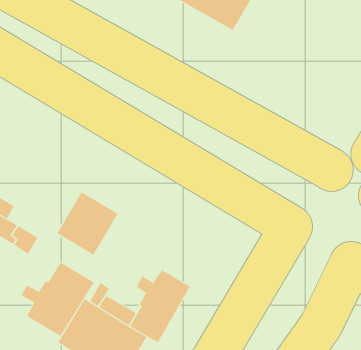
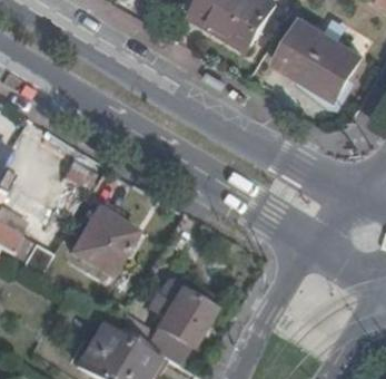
building: none -> [277,21,363,100]
building: [21,262,94,337] -> none

